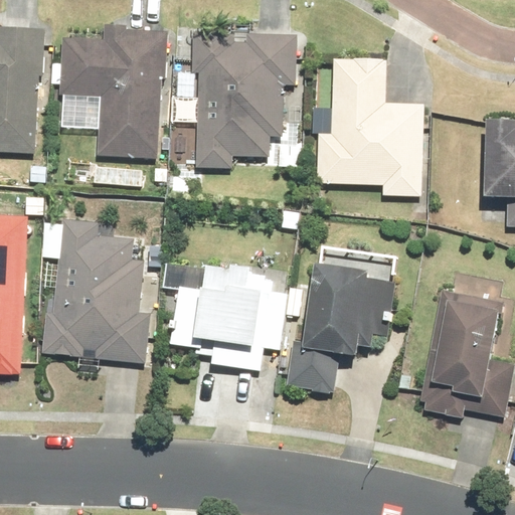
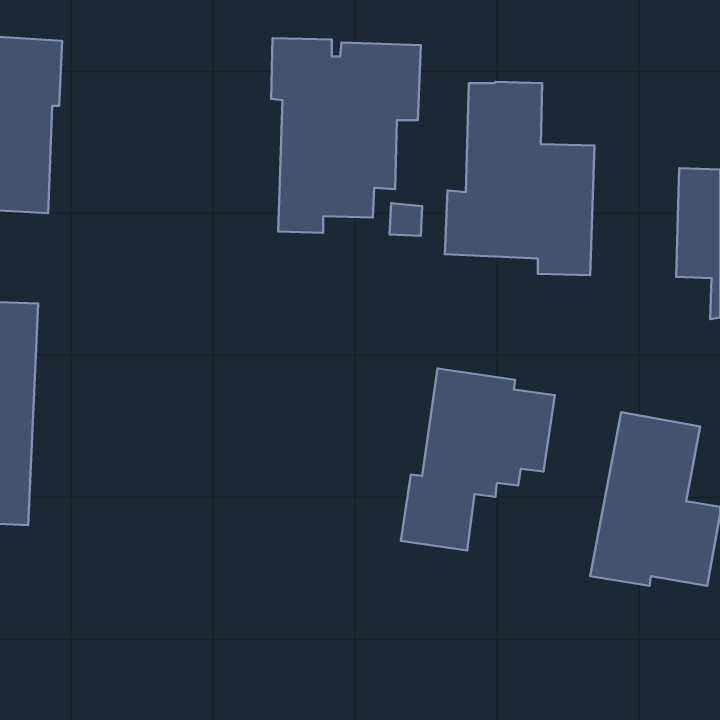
building: [58,22,167,161] -> none
building: [42,218,152,364] -> none
building: [169,265,274,372] -> none

